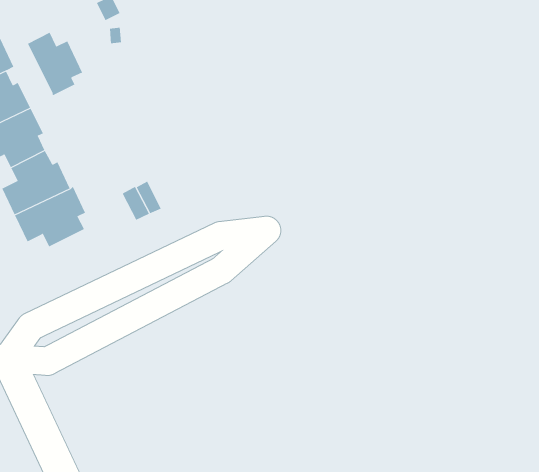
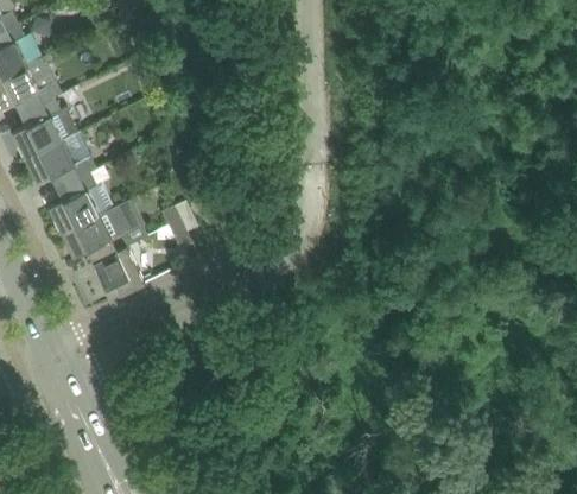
building: [27,32,83,96] -> none
building: none -> [94,243,145,293]

